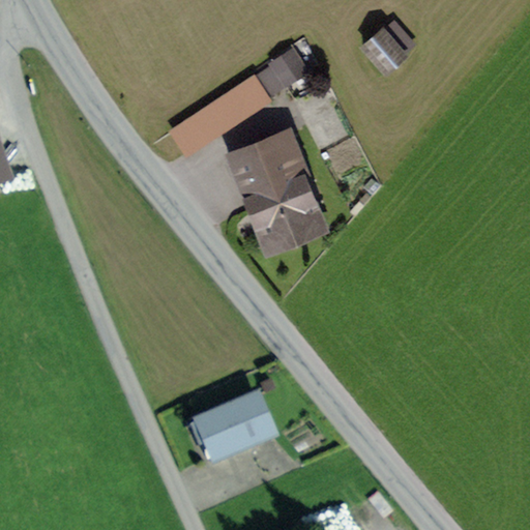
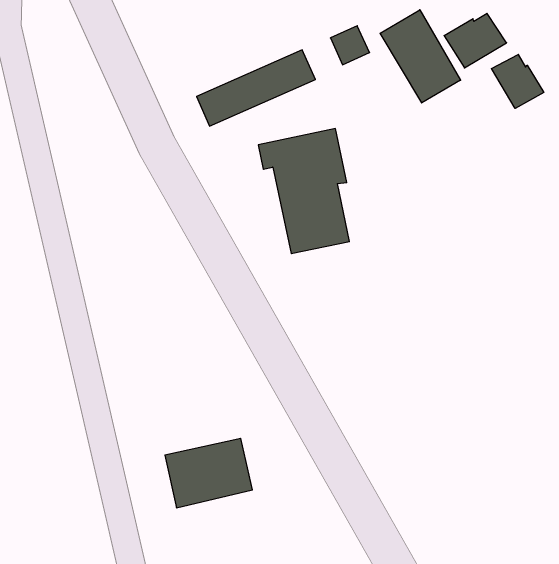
building: none -> [380,10,461,103]
building: none -> [491,54,544,108]

